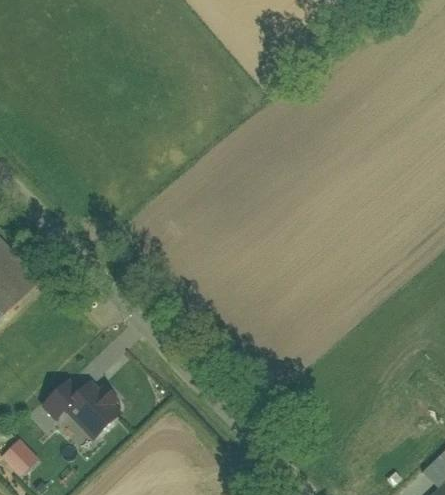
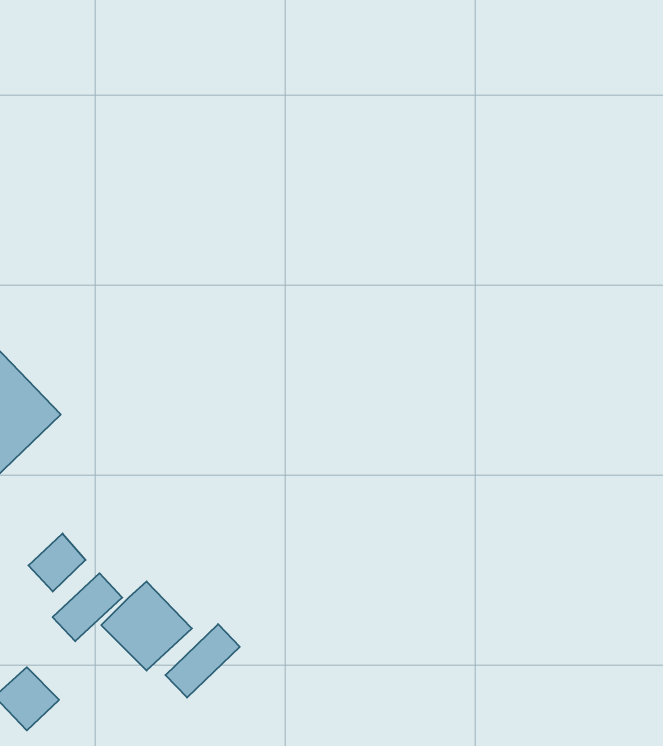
building: none -> [28,533,86,592]
building: none -> [165,624,240,698]

